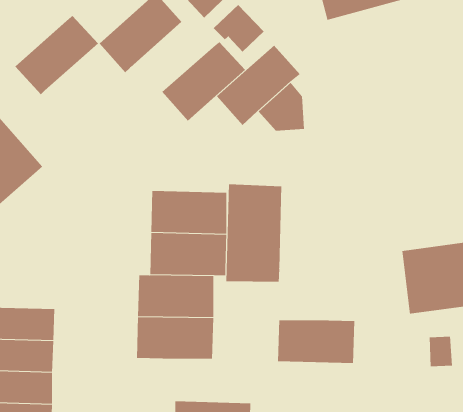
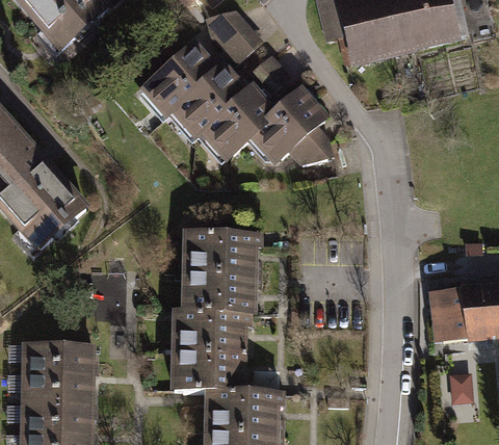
building: [15,15,99,95] -> [168,62,248,138]
building: [226,184,282,282] -> none
building: [277,320,355,364] -> [210,388,284,429]

